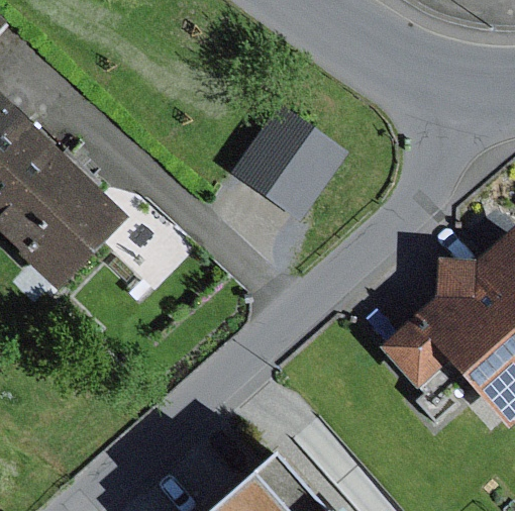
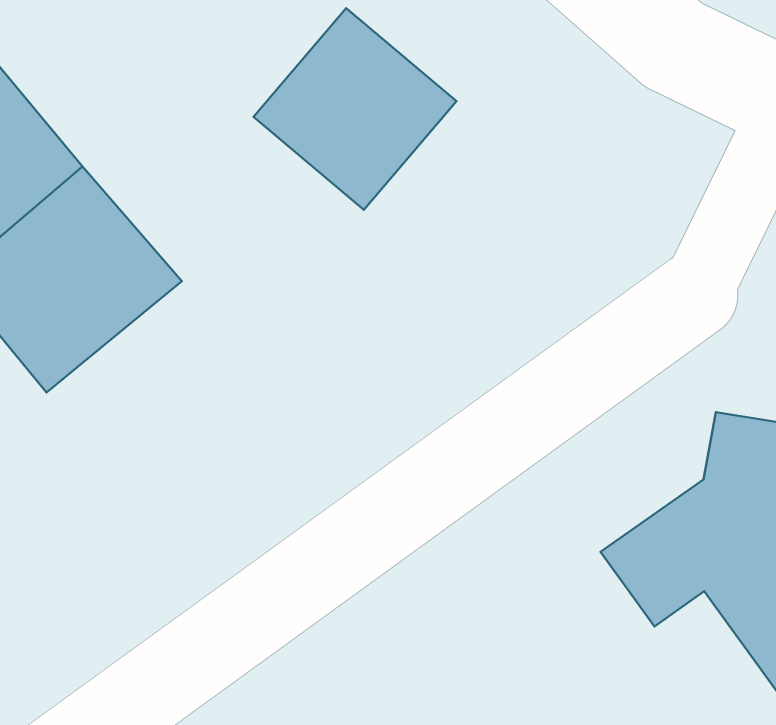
building: [234,102,349,216] -> [253,8,457,210]

